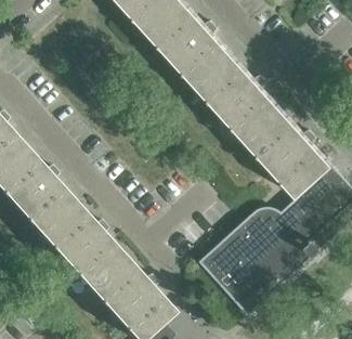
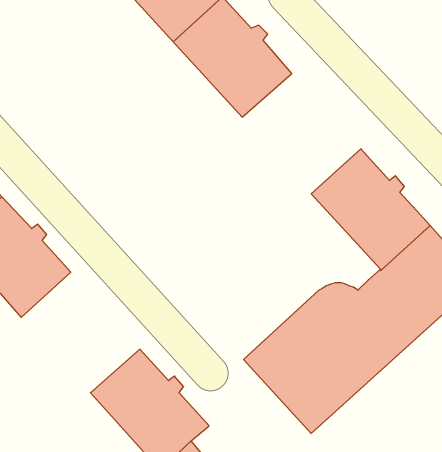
building: [198,56,284,143] -> none
building: [39,199,125,286] -> none

